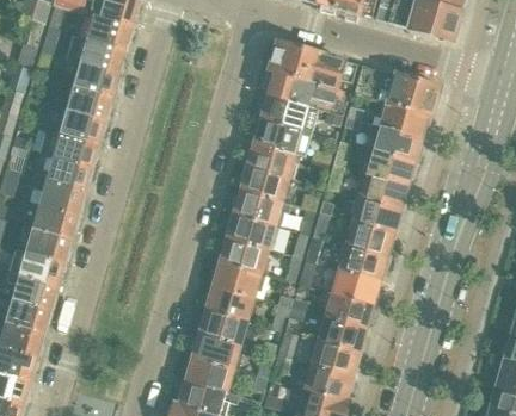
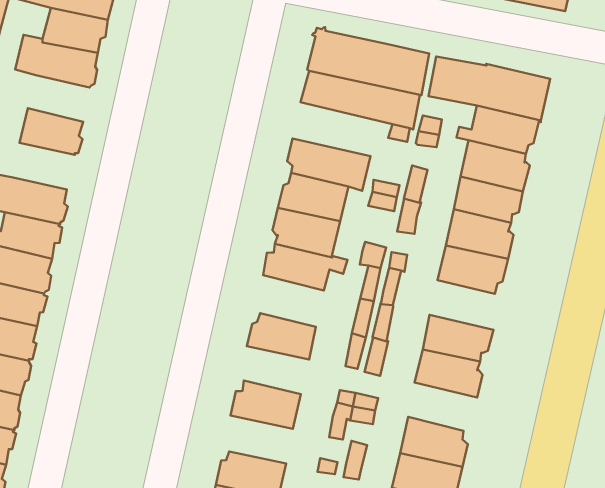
building: [73,63,119,98] -> none
building: [257,94,318,134] -> none
building: [60,110,105,144] -> none
building: [225,212,272,250] -> none
building: [345,223,394,260] -> none
building: [211,261,259,297] -> none
building: [326,293,375,329] -> none
building: [197,309,245,344] -> none

